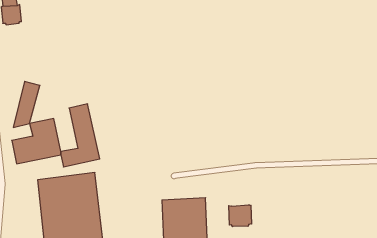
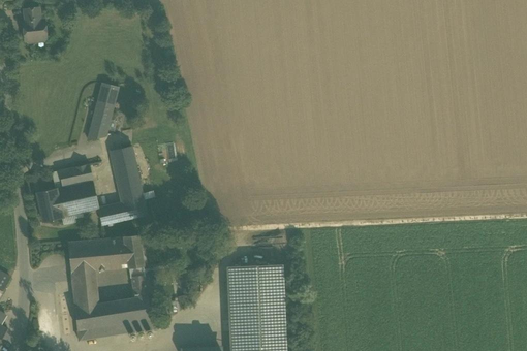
building: [13,81,40,127] -> [87,84,121,142]
building: [229,205,252,227] -> none

